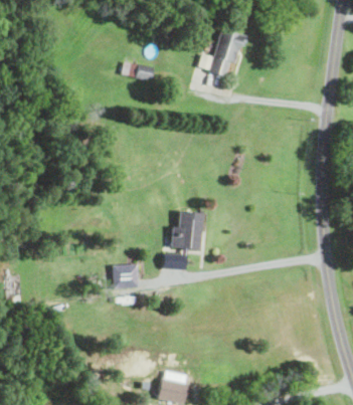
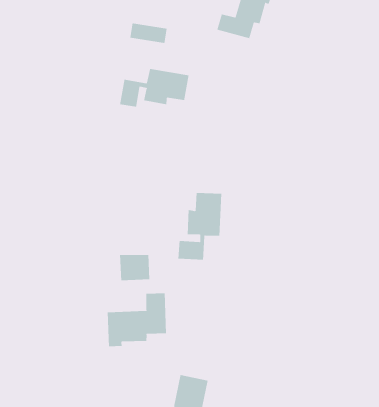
building: none -> [119,68,189,108]
building: none -> [107,292,166,347]

